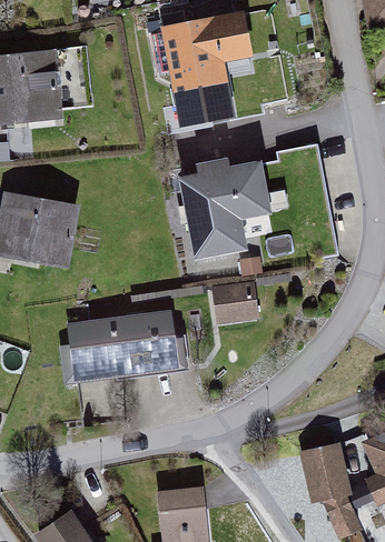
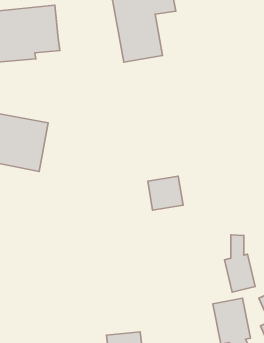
building: [181,163,268,259] -> none
building: [68,313,179,381] -> none
building: none -> [225,235,255,292]

